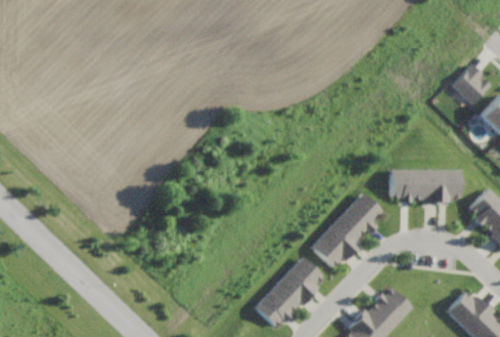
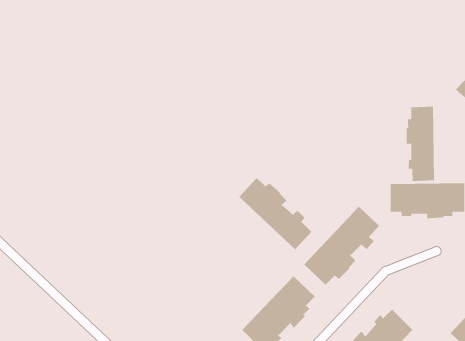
building: none -> [406,106,435,182]
building: none -> [238,178,312,250]

